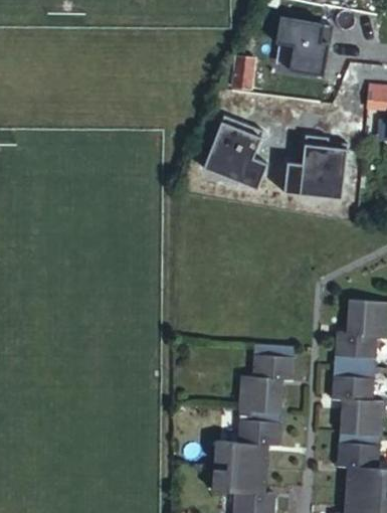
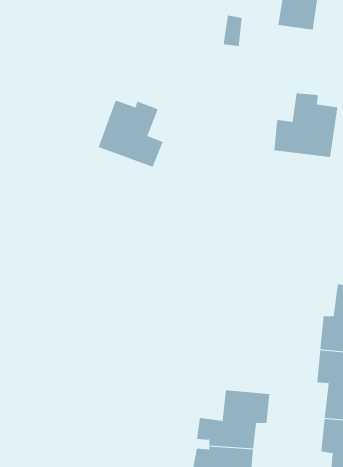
building: [204,121,268,187] -> [98,100,164,168]
building: [233,358,296,429] -> none

